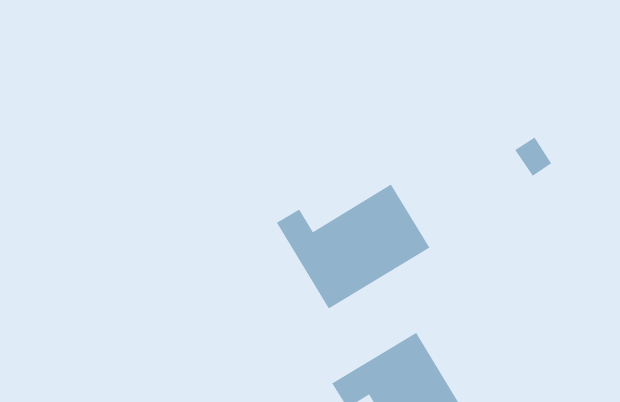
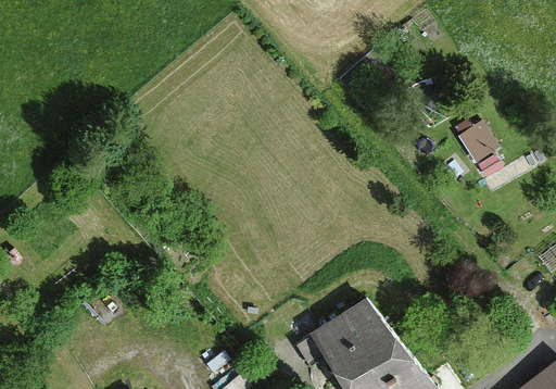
building: [276,183,430,309] -> none

